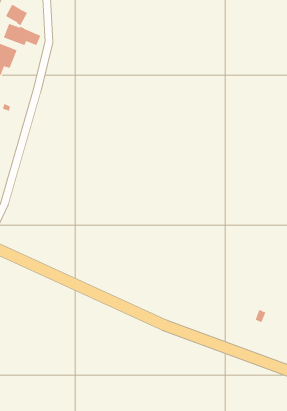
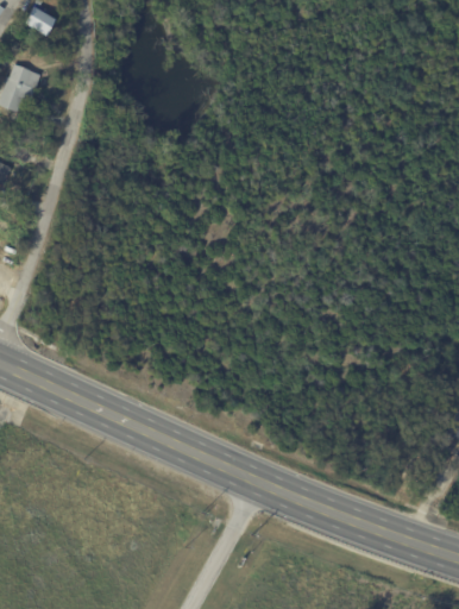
building: [3,23,41,46] -> none

